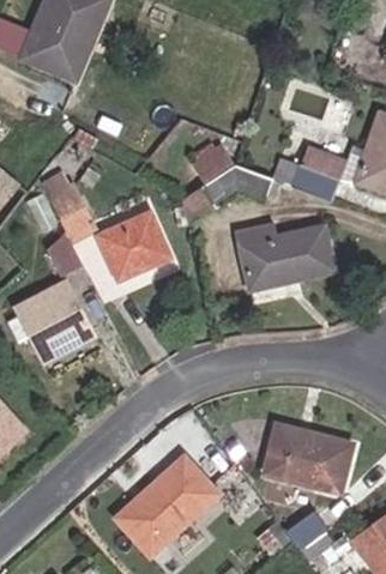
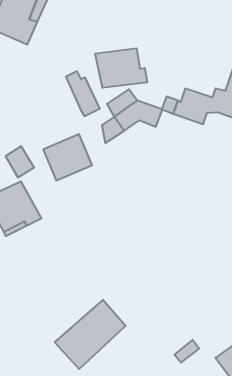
building: none -> [95,48,147,88]
building: [43,175,94,241] -> [66,71,100,116]
building: [235,226,334,291] -> none
building: [261,423,352,495] -> none

